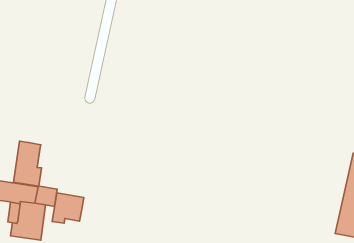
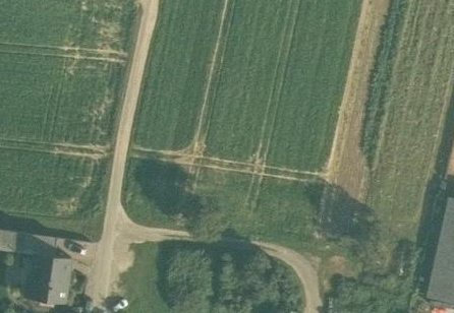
building: [13,141,41,186] -> none
building: [52,193,84,223] -> none

